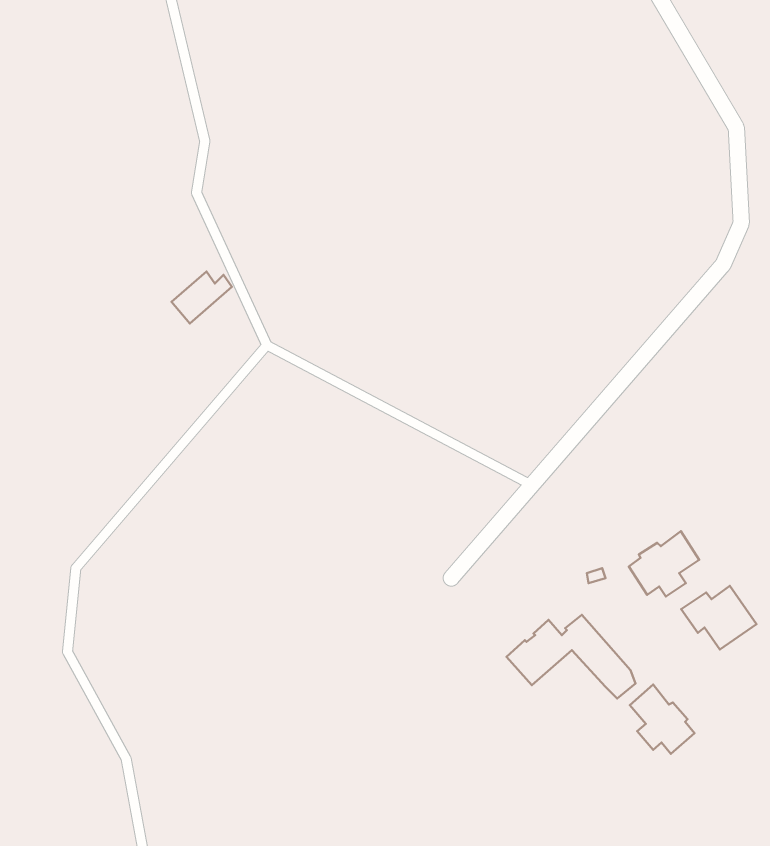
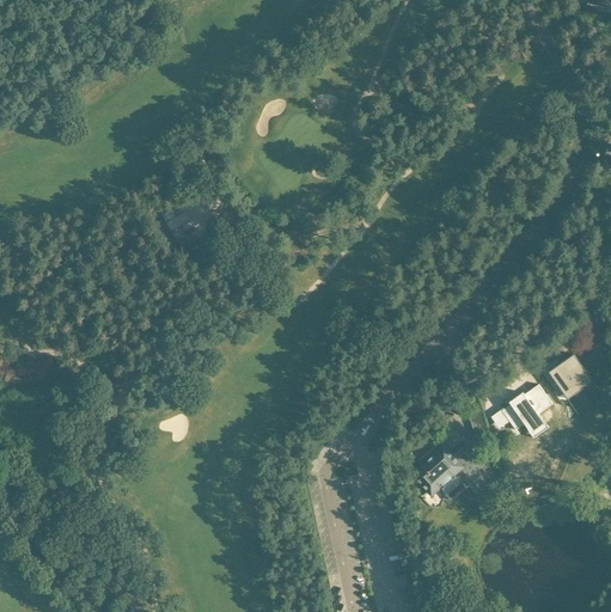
building: [681,586,757,649] -> [539,356,593,402]
building: [630,684,694,754] -> none

